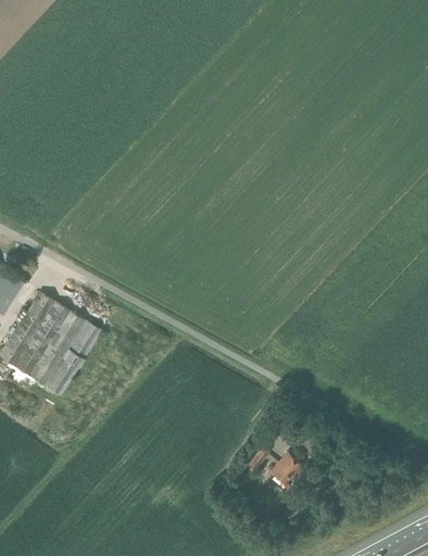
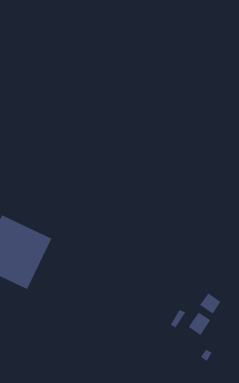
building: none -> [199,292,221,314]

